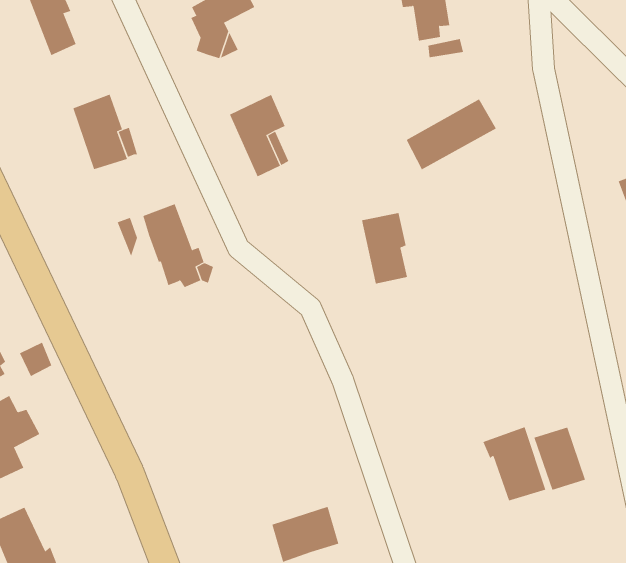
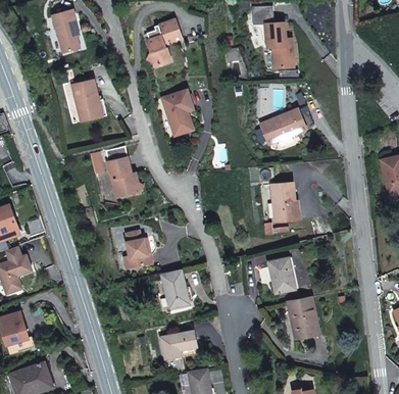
building: [361,212,408,284] -> [270,182,295,221]
building: none -> [123,231,156,268]
building: none -> [161,269,190,308]
building: [534,427,586,491] -> [268,257,296,293]

